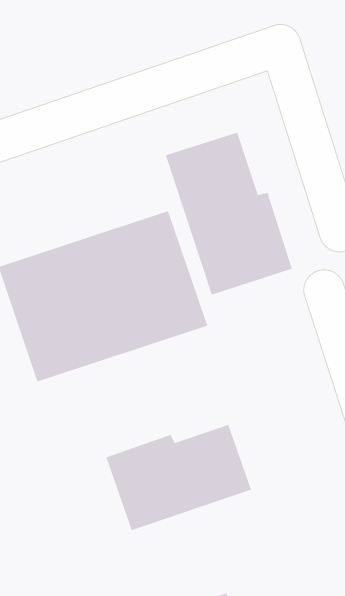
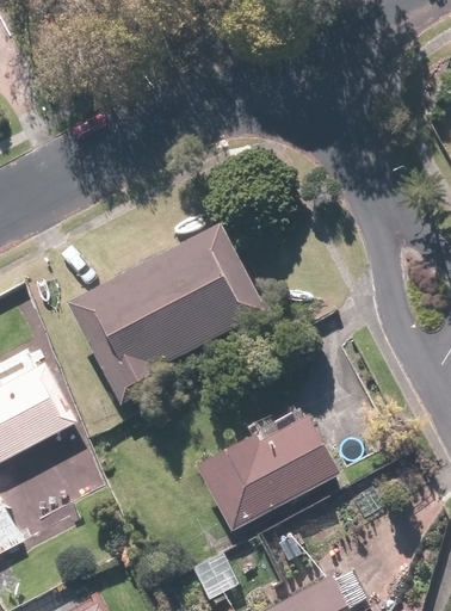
building: [165,132,293,295] -> none

